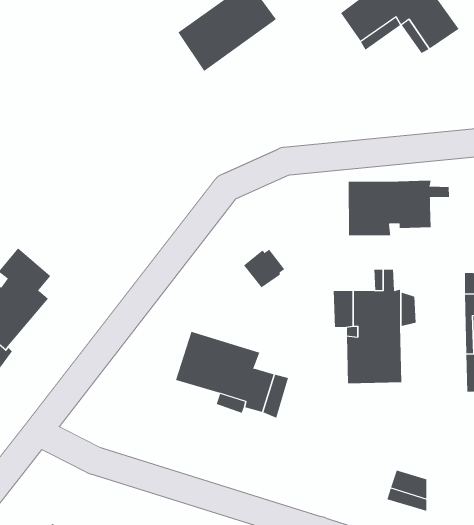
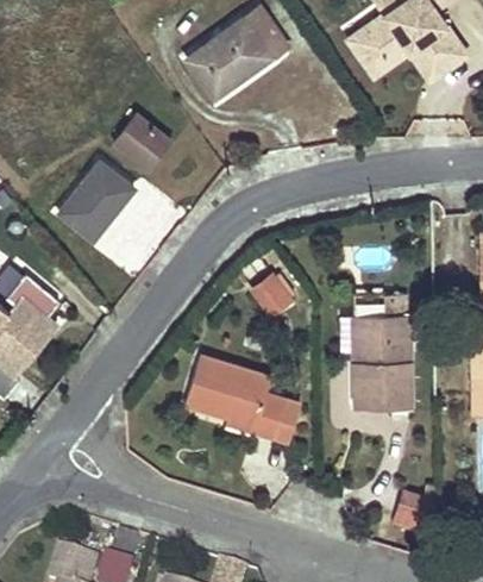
building: none -> [113,113,171,170]
building: none -> [58,161,134,240]
building: [348,180,449,236] -> none

